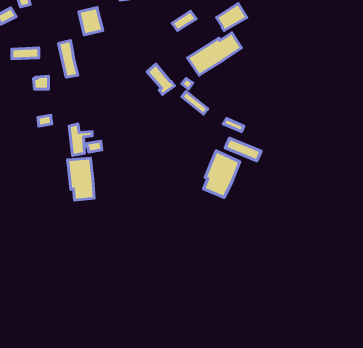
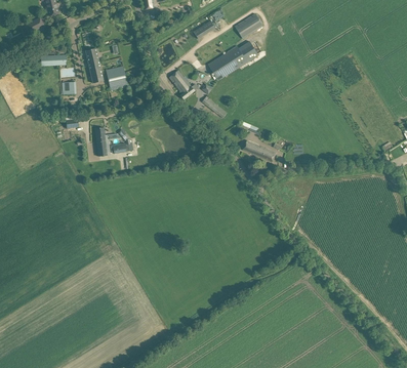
building: [79,8,103,35] -> [106,64,128,89]
building: [203,151,240,198] -> none
building: [67,158,94,200] -> none

